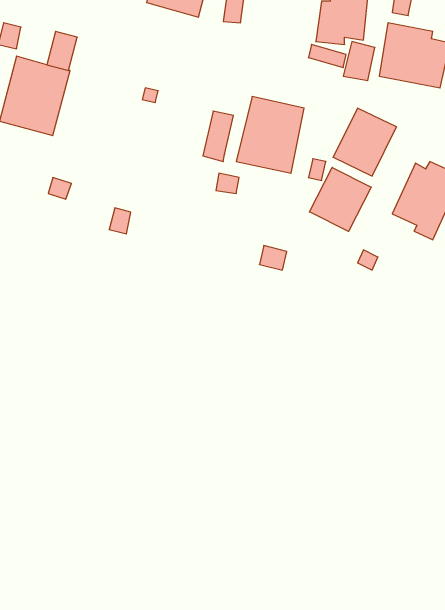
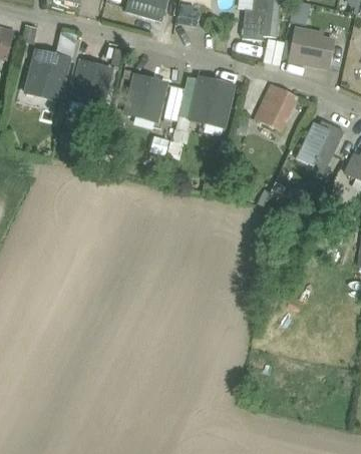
building: none -> [71,61,112,105]
building: none -> [126,75,166,119]
building: [309,167,371,231] -> none

